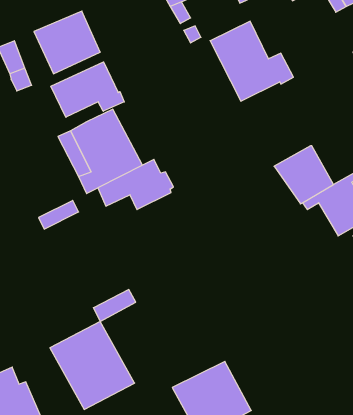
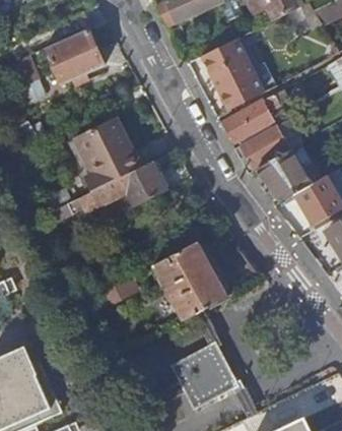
building: [51,62,124,117] -> none
building: none -> [223,94,280,140]
building: none -> [238,124,290,170]
building: [50,321,135,409] -> [152,240,227,318]

